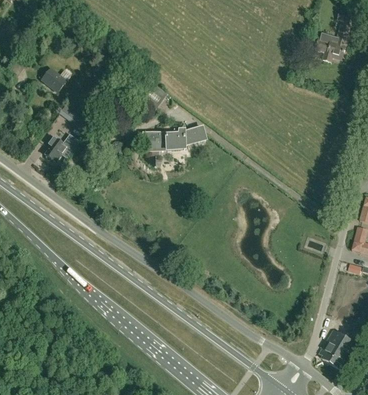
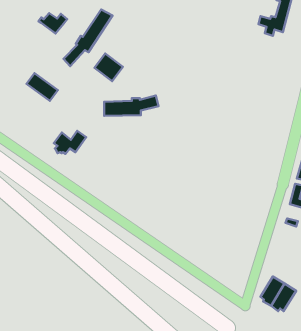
building: none -> [63,9,112,66]
building: [37,70,69,93] -> [39,13,67,34]
building: [42,135,78,161] -> [54,131,86,154]

